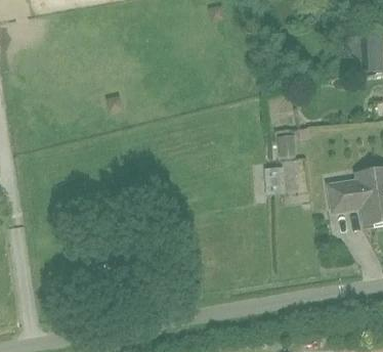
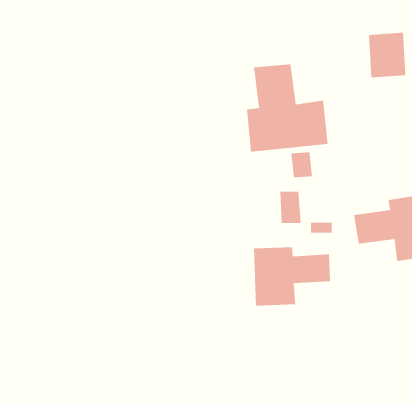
building: none -> [246,63,328,152]
building: none -> [253,246,331,307]

